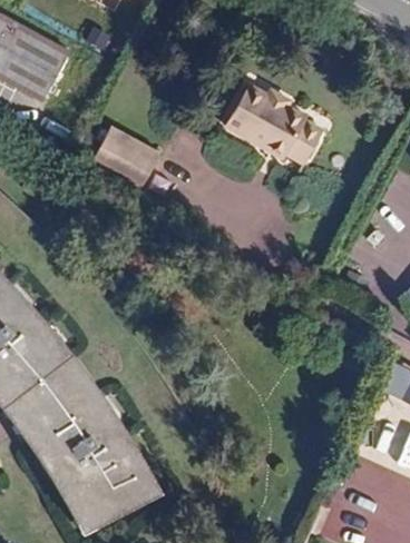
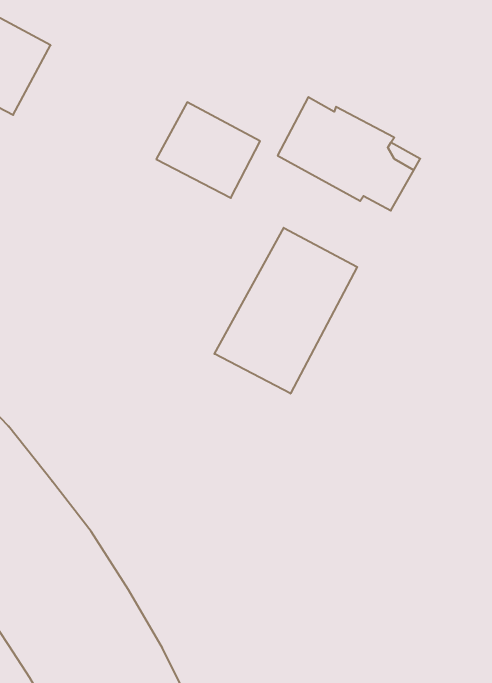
building: [88,127,159,192] -> [156,102,260,198]
building: none -> [214,228,357,394]

